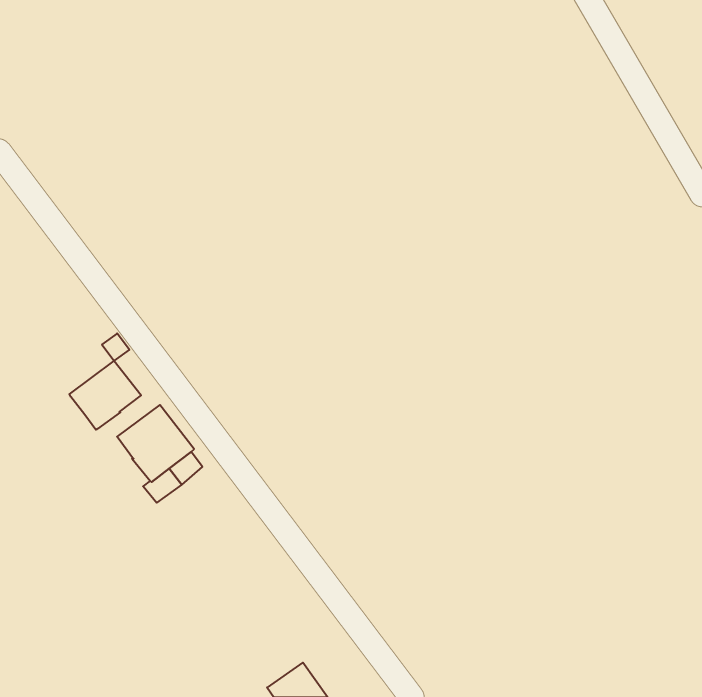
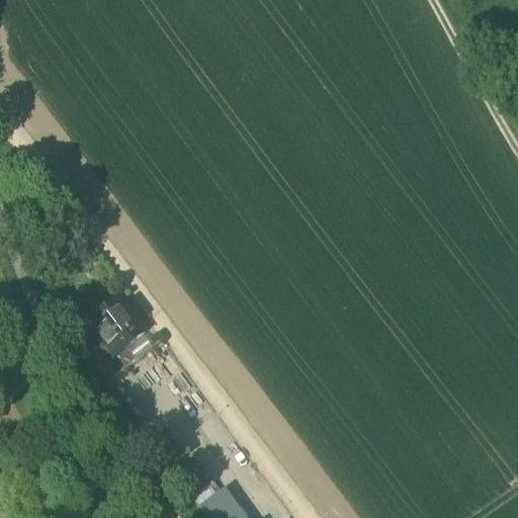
building: [69,361,141,430] -> none

